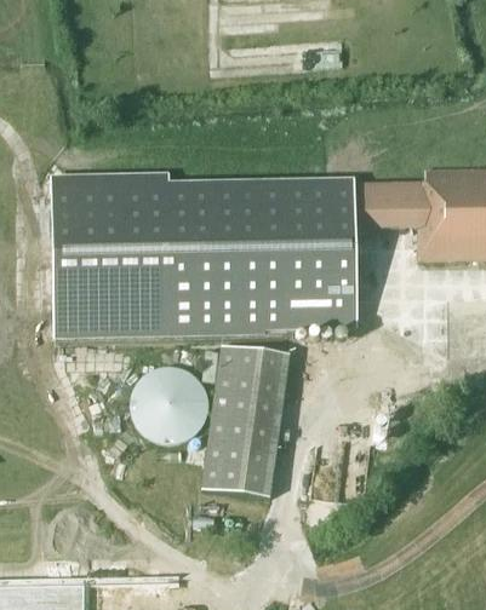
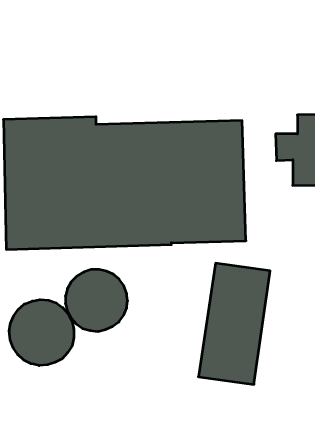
building: [199,344,290,497] -> [198,263,270,384]
building: none -> [9,300,74,366]

